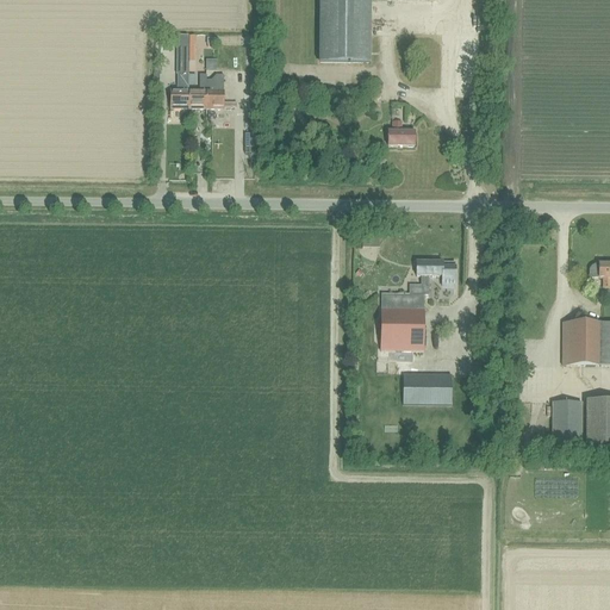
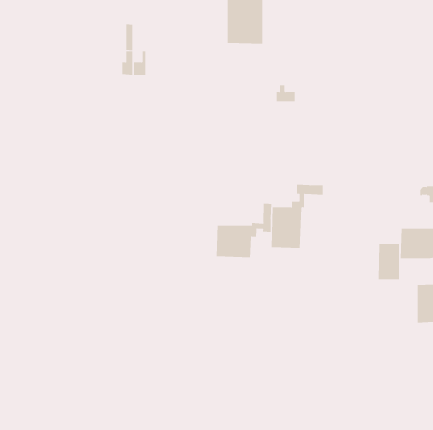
building: [206,71,224,106] -> none
building: none -> [216,203,272,258]
building: [403,373,452,403] -> none
building: [552,400,583,452] -> [378,243,400,280]

